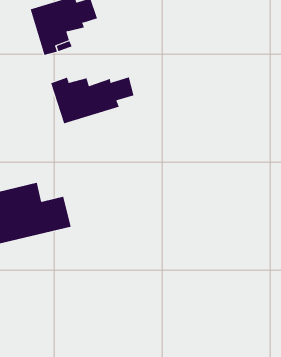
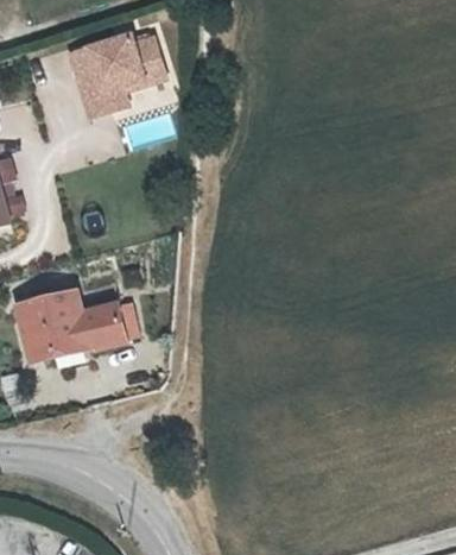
building: [51,77,134,124] -> none

